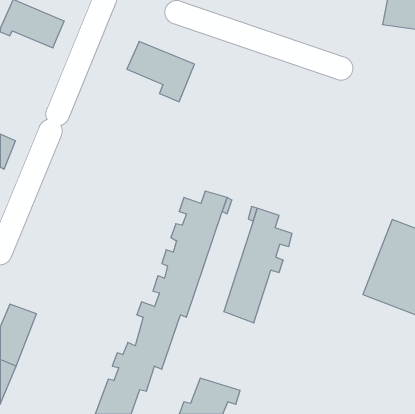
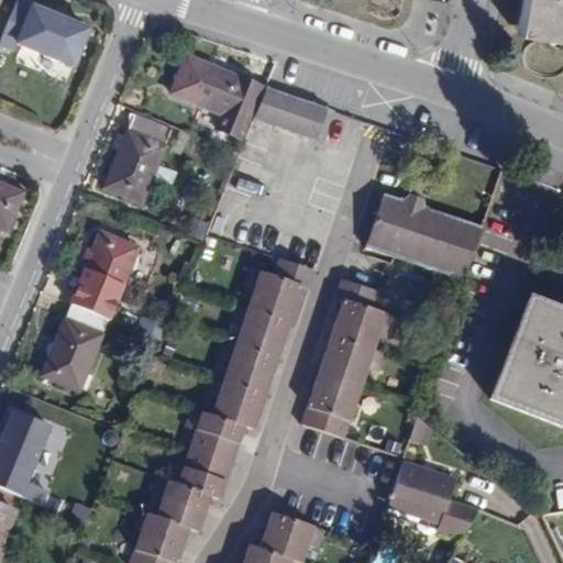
building: none -> [256,86,329,141]
building: none -> [106,112,174,201]
building: none -> [366,192,484,279]
building: none -> [44,232,139,388]
building: none -> [388,462,477,538]

